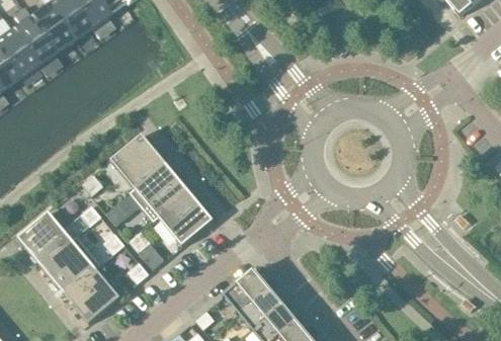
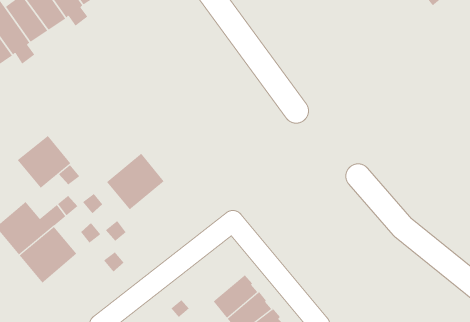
building: [111,134,166,191] -> [17,135,71,192]
building: [154,190,214,245] -> none
building: [66,263,120,322] -> none
building: [224,268,269,312] -> none

